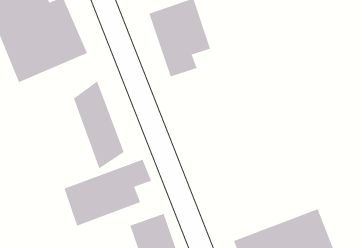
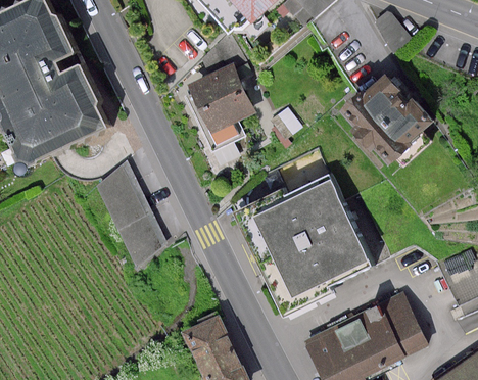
building: none -> [339,72,433,164]
building: none -> [249,178,371,302]
building: [64,159,152,226] -> none

